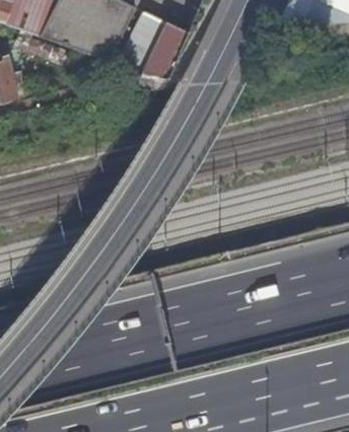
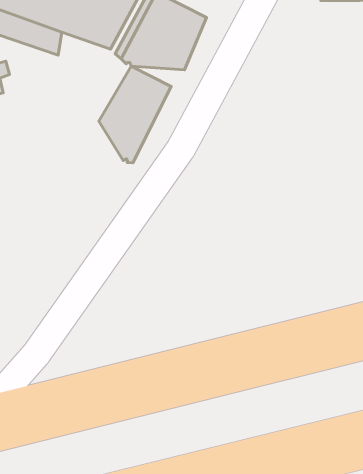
building: none -> [99,66,171,163]

